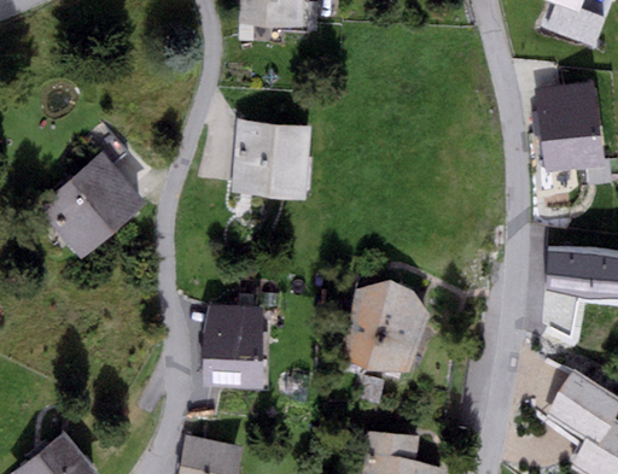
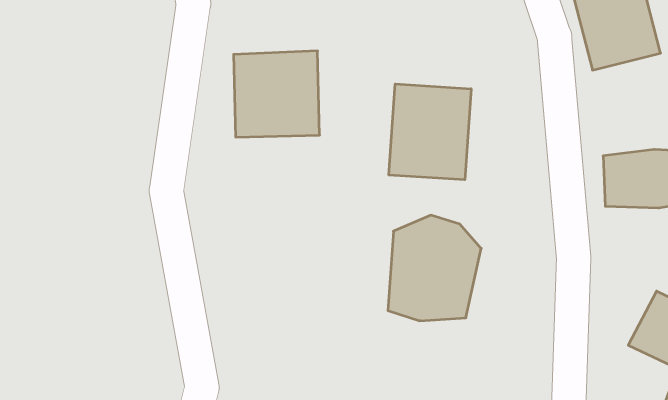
building: [36,151,145,258] -> none
building: none -> [389,84,471,180]
building: [204,304,263,386] -> none

